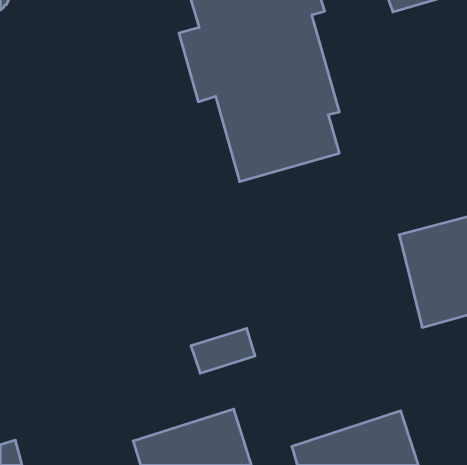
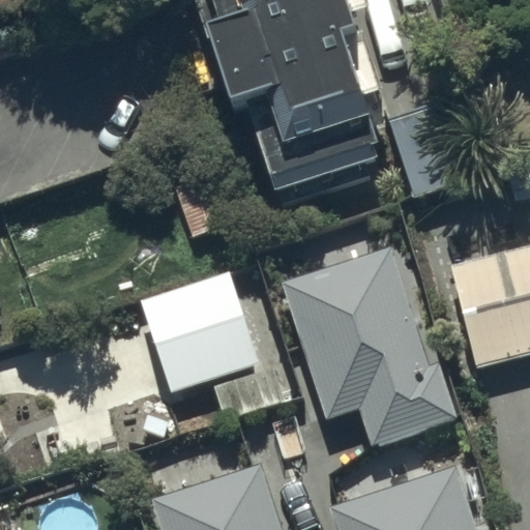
building: none -> [286,253,453,441]
building: none -> [143,276,264,392]

